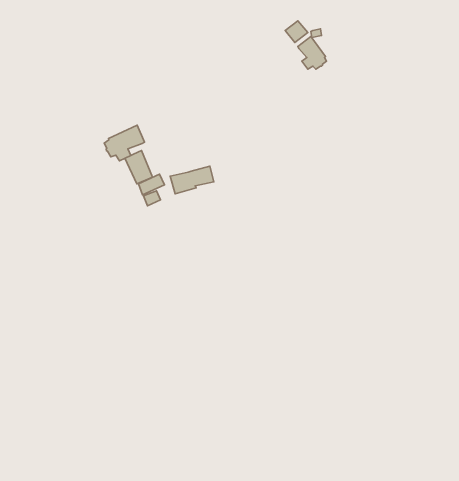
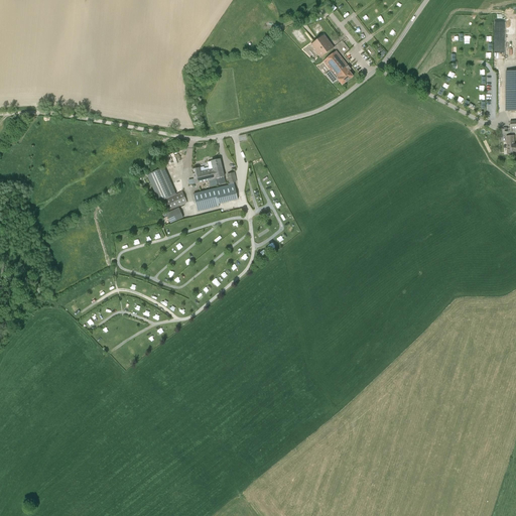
building: [104,125,144,161] -> none
building: none -> [191,158,226,183]

